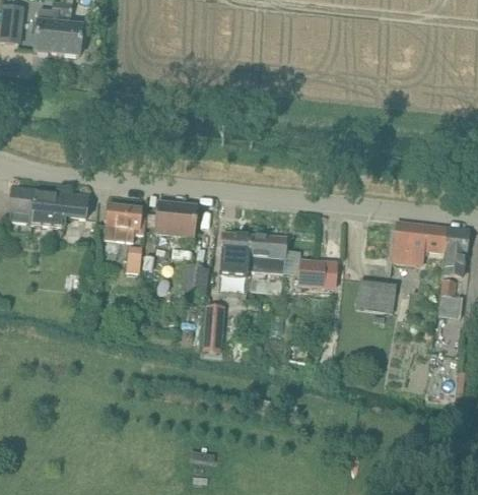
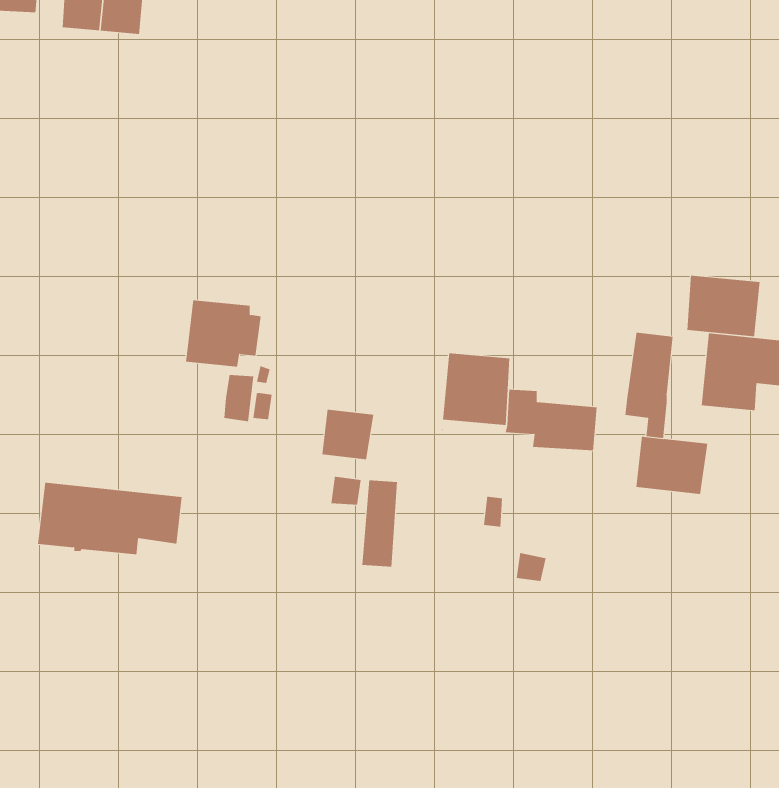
building: [8,186,89,227] -> [37,482,182,555]
building: none -> [687,275,760,337]
building: [156,200,197,237] -> none
building: none -> [625,332,673,439]
building: [219,231,252,276] -> none

